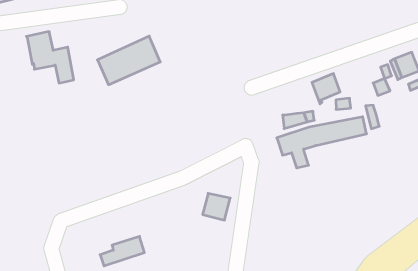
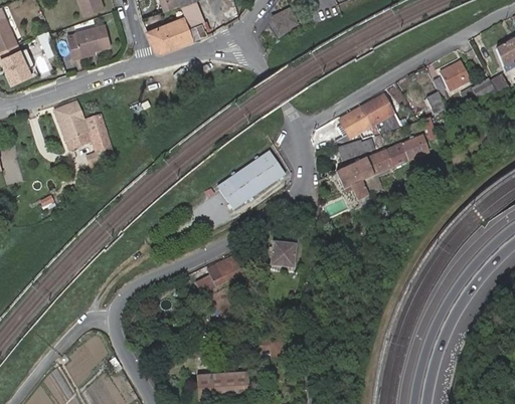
building: [97,36,160,85] -> [223,149,290,207]
building: none -> [335,109,373,148]
building: [100,236,144,266] -> [200,255,246,292]

